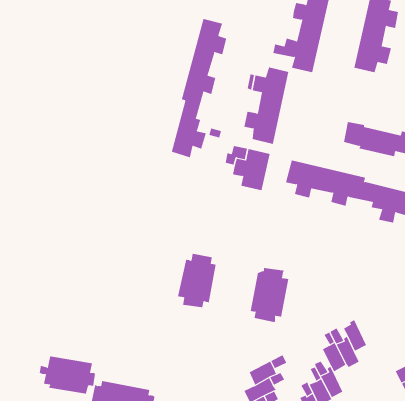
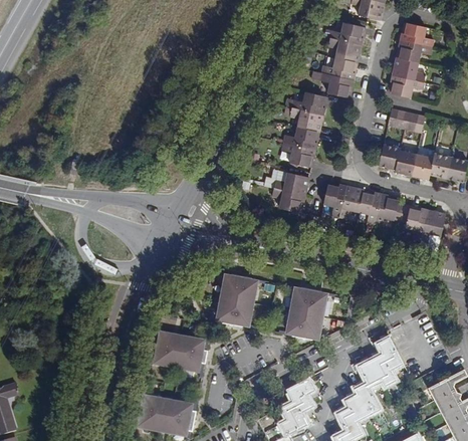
building: [171,18,227,158] -> none
building: none -> [388,108,425,133]
building: [39,356,96,394] -> [152,334,207,371]

